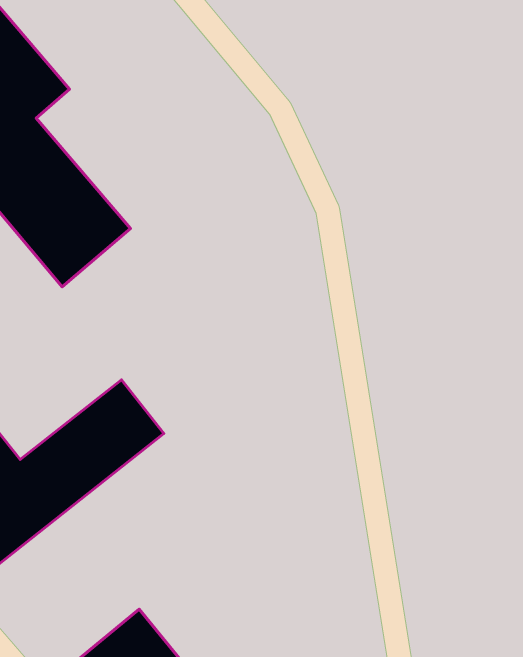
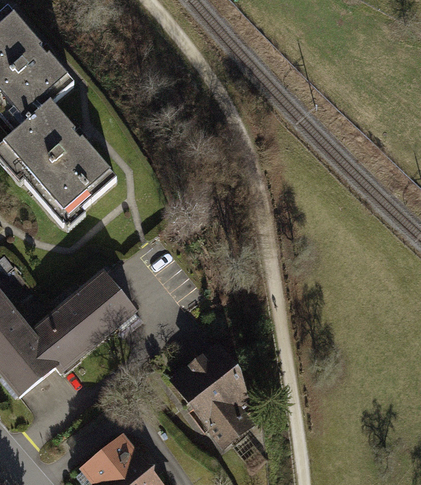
building: none -> [172,345,249,443]

